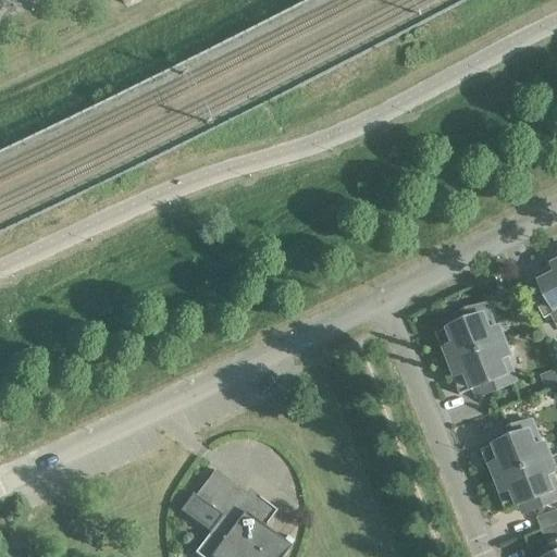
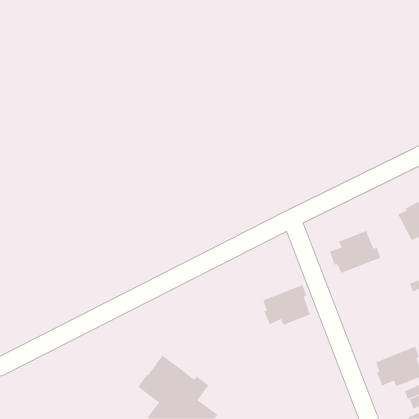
building: [453,342,518,396] -> [263,284,312,326]
building: [483,421,552,480] -> none

